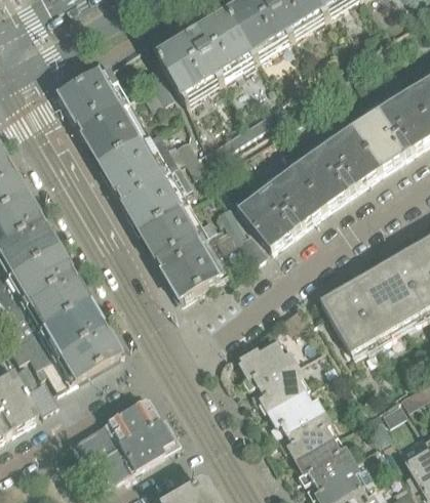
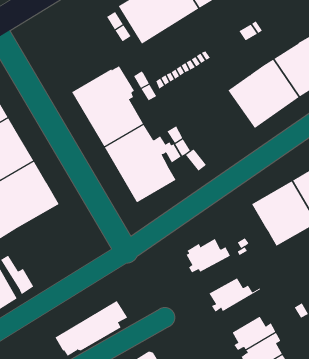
building: [62,67,151,164] -> none
building: [238,162,326,249] -> none
building: [28,301,119,390] -> none
building: [253,365,306,411] -> none
building: [69,396,158,465] -> none
building: [281,406,336,459] -> none

